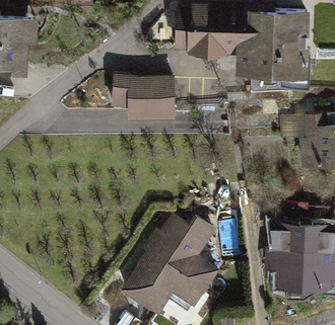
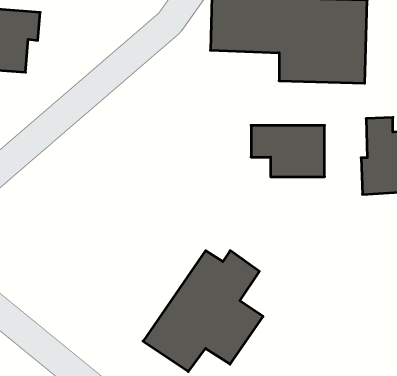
building: [112,78,173,120] -> [251,125,325,177]
building: [269,234,326,290] -> none

